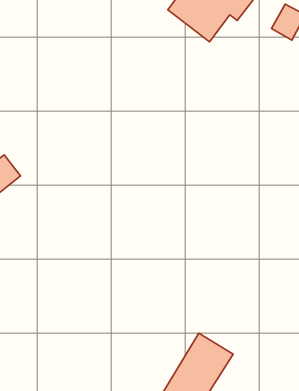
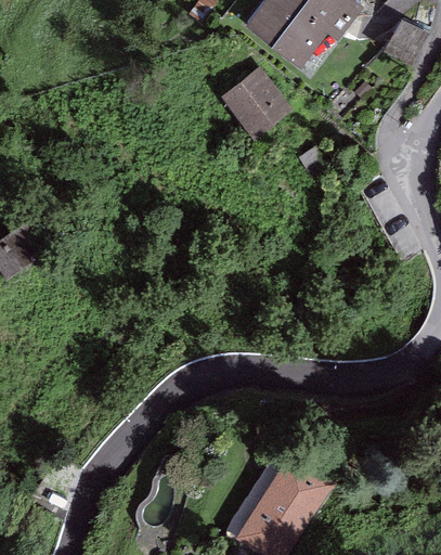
building: none -> [220,66,293,139]

